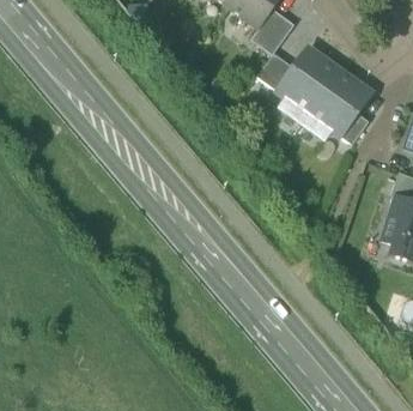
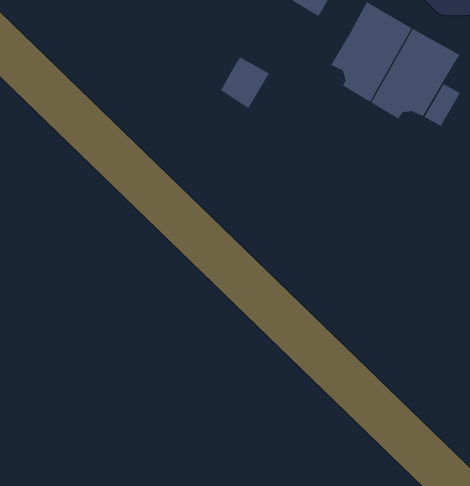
building: [257,53,294,91] -> [220,57,270,109]

